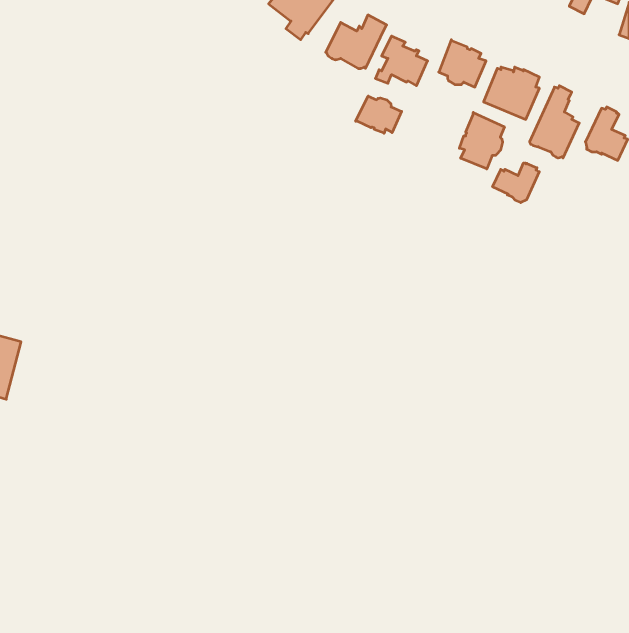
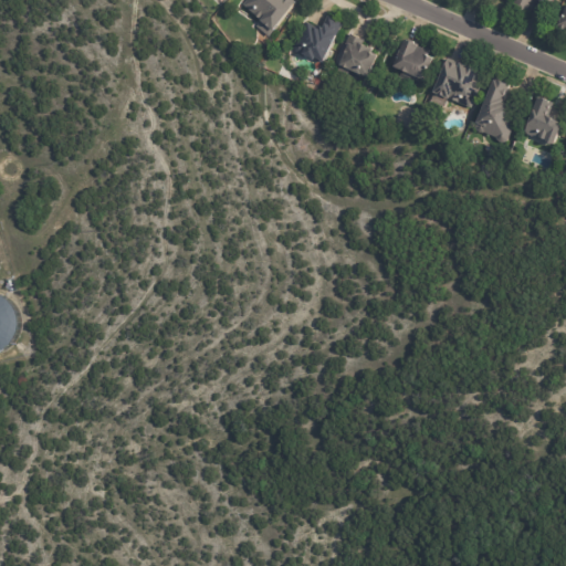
building: [356,96,402,133] -> none
building: [459,112,504,169] -> none
building: [493,163,539,203] -> none

